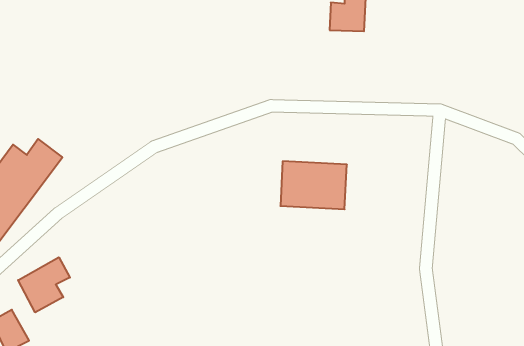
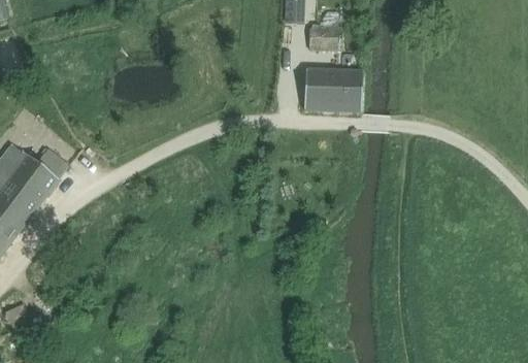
building: [280,161,347,209] -> [303,68,363,111]
building: [18,257,70,312] -> none

